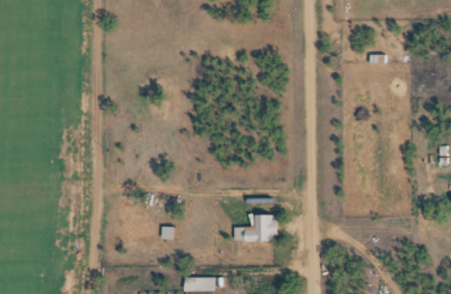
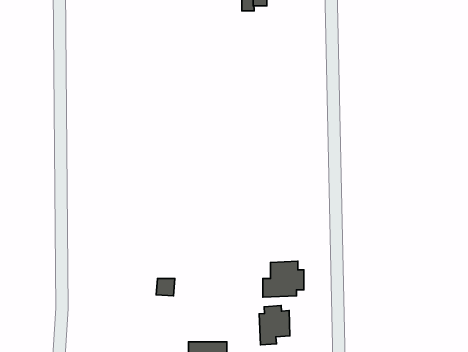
building: none -> [259,305,290,345]

